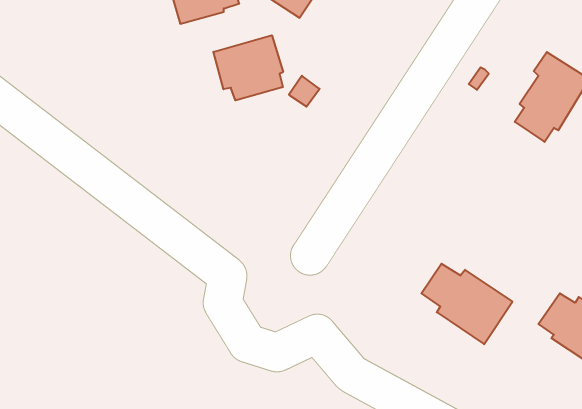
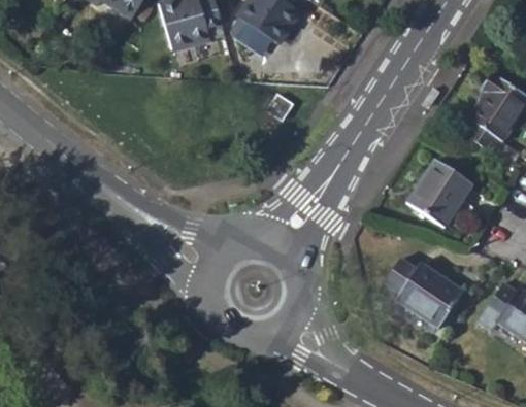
building: [213,35,283,100] -> none
building: none -> [405,163,470,228]

